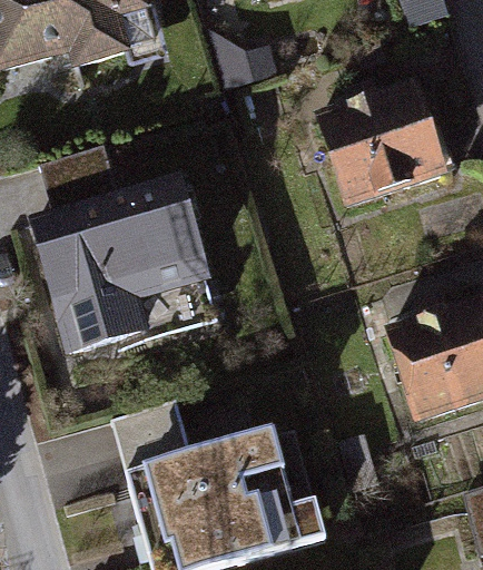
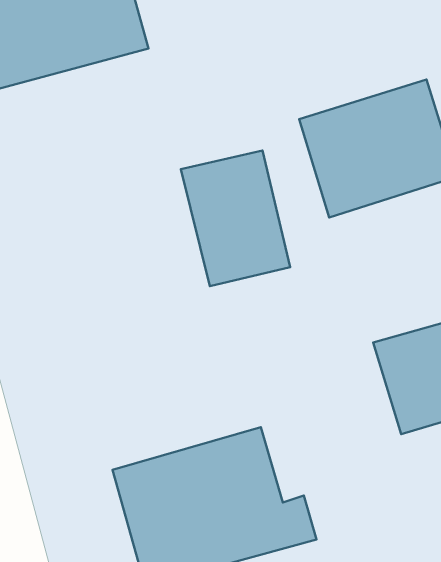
building: none -> [181,150,290,286]
building: [39,190,198,330] -> none

